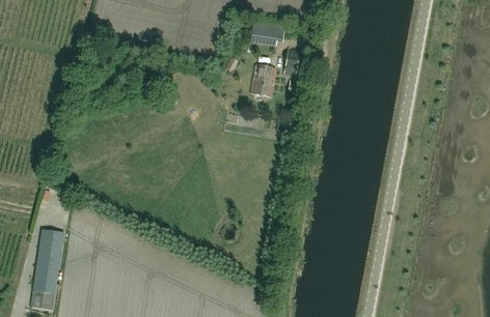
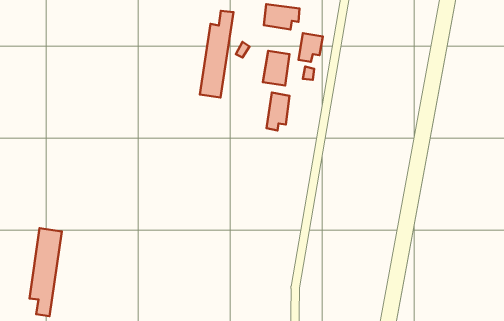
building: none -> [200,11,233,98]
building: none -> [267,92,289,131]

